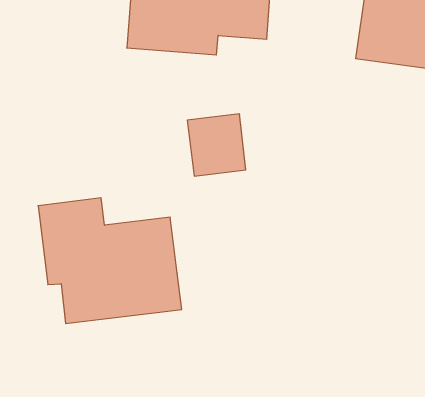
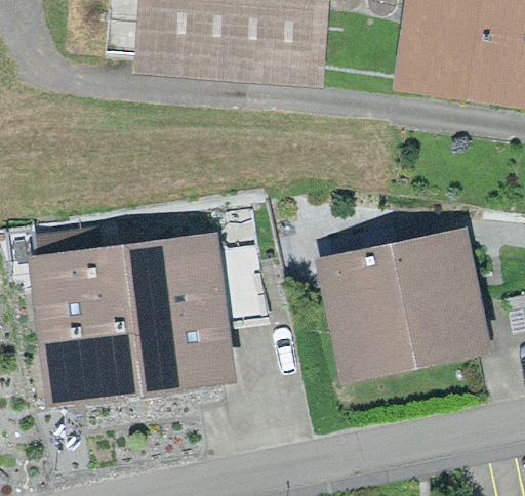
building: [187,114,246,176] -> [197,260,265,332]
building: none -> [314,239,472,375]

